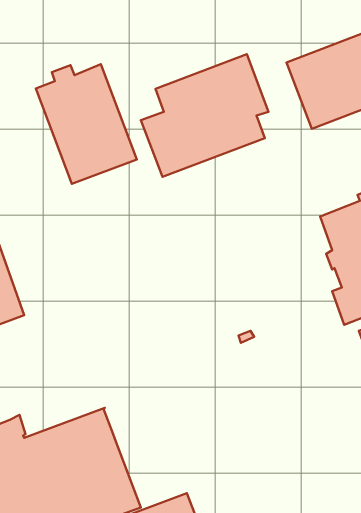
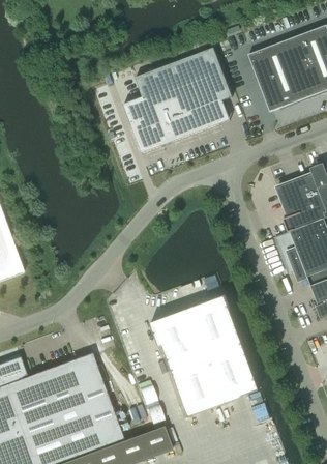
building: [36,64,137,184] -> none
building: none -> [150,295,259,416]

